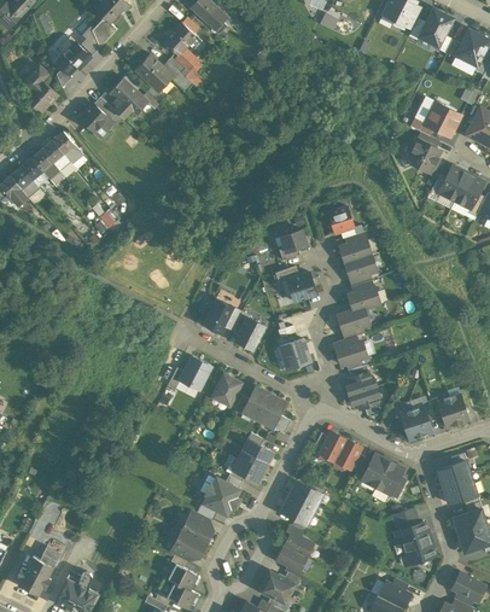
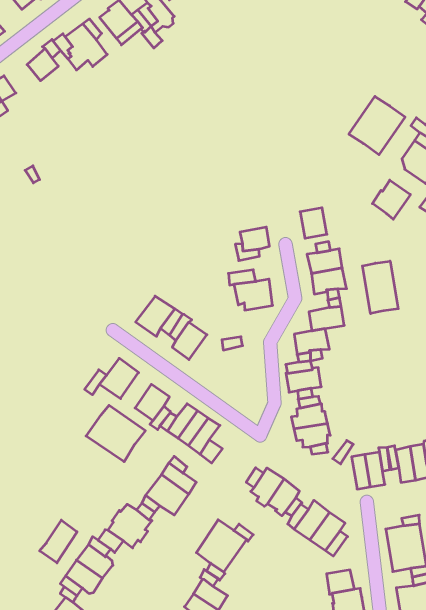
building: none -> [349,96,405,155]
building: none -> [372,180,410,219]
building: none -> [362,261,398,314]
building: [279,338,310,369] -> none
building: none -> [86,405,145,462]
building: none -> [40,520,77,563]

